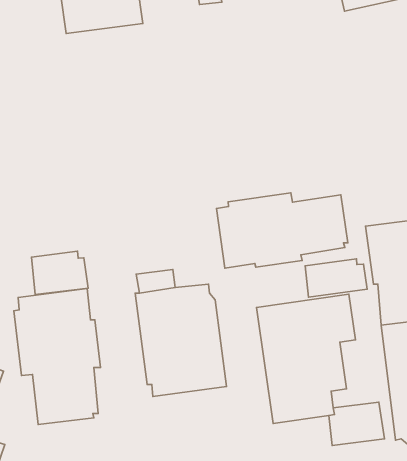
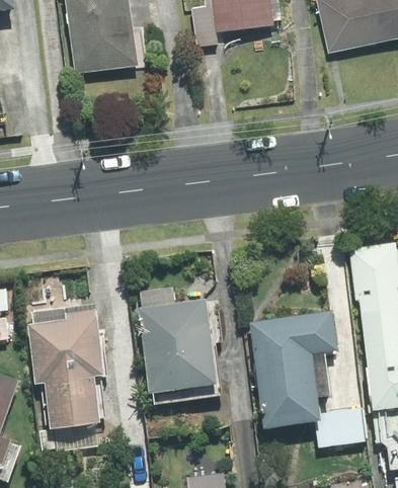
building: [217,193,348,268] -> none
building: [32,251,88,295] -> none
building: [305,259,367,297] -> none

